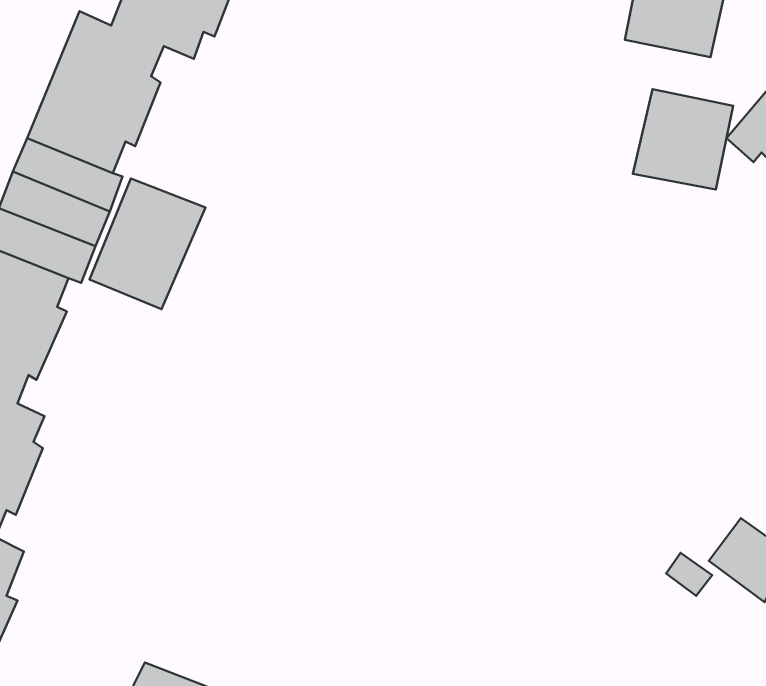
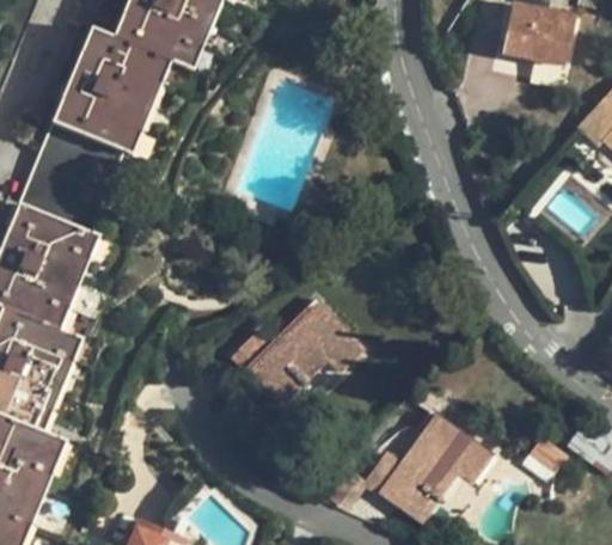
building: [633,89,733,190] -> none
building: [90,178,206,309] -> none
building: none -> [232,300,365,404]
building: none -> [362,415,492,522]

